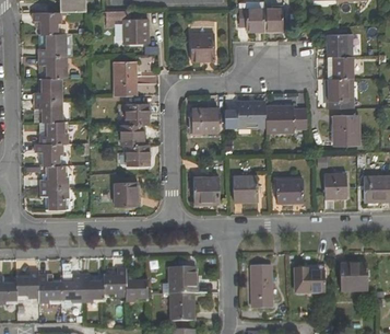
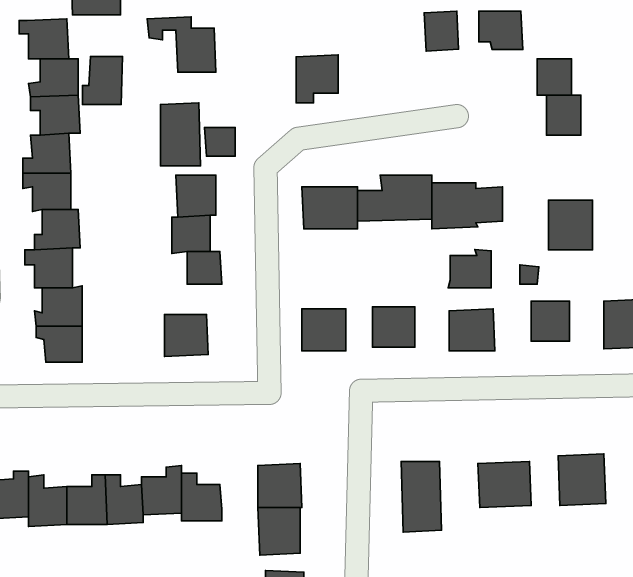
building: [239,9,264,31] -> [479,11,523,49]
building: none -> [82,57,123,105]
building: [327,79,353,108] -> none
building: none -> [448,249,491,288]

